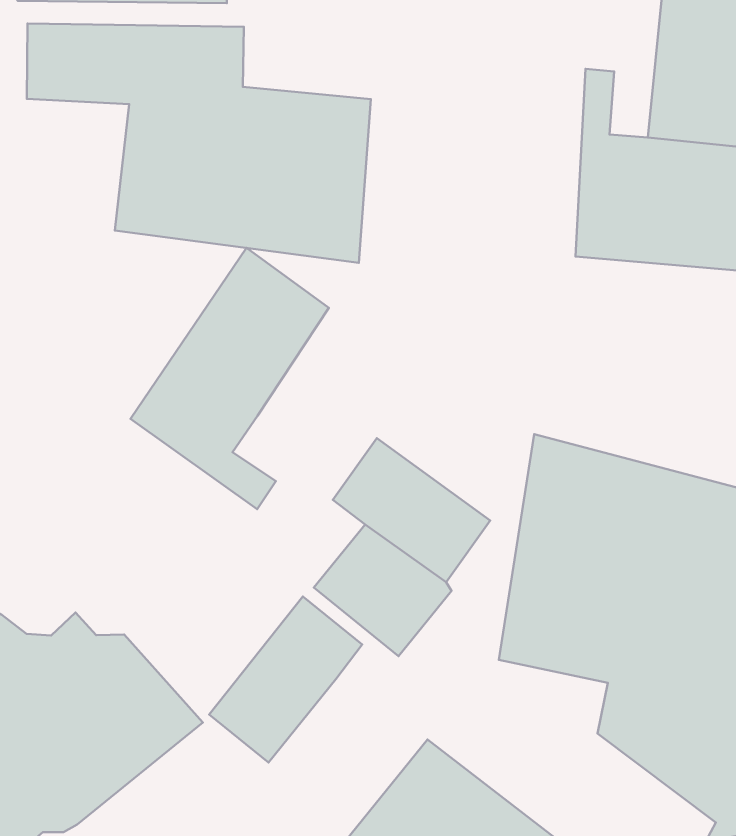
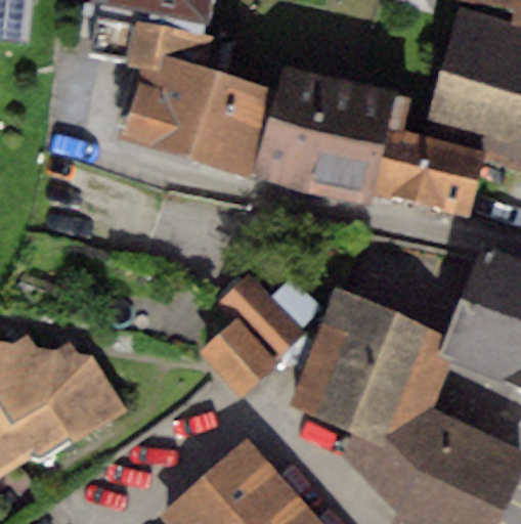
building: none -> [254,64,395,207]
building: [131,248,329,509] -> none
building: [209,596,362,762] -> none

